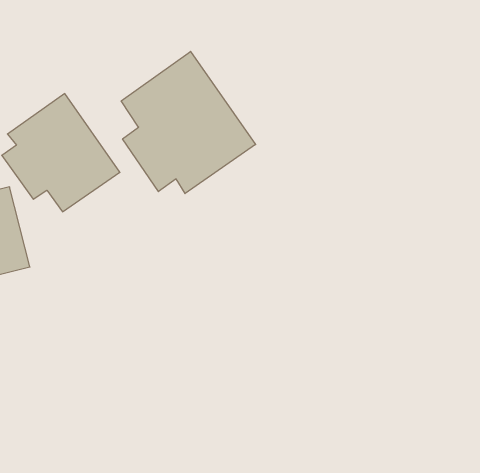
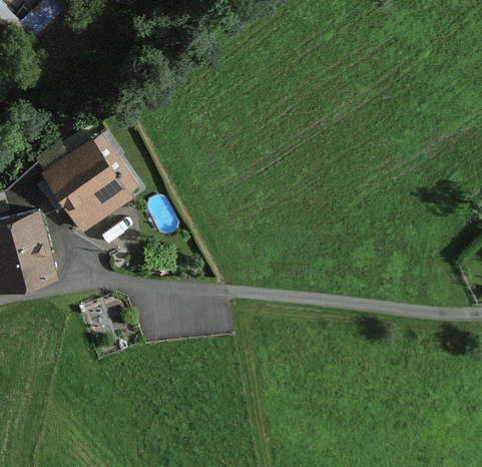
building: [121,51,256,194] -> none

